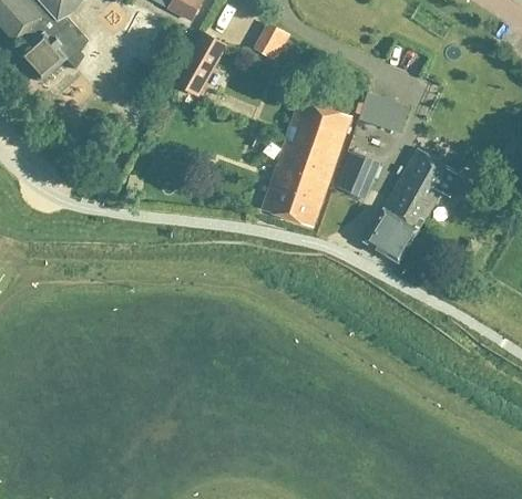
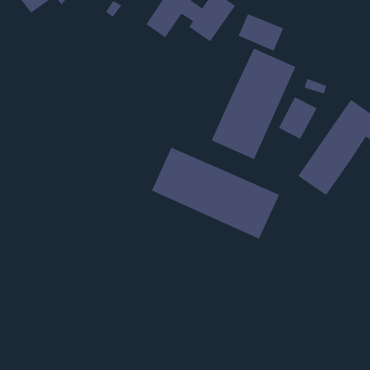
building: [358,92,410,133] -> [238,13,284,51]
building: none -> [151,147,280,239]

